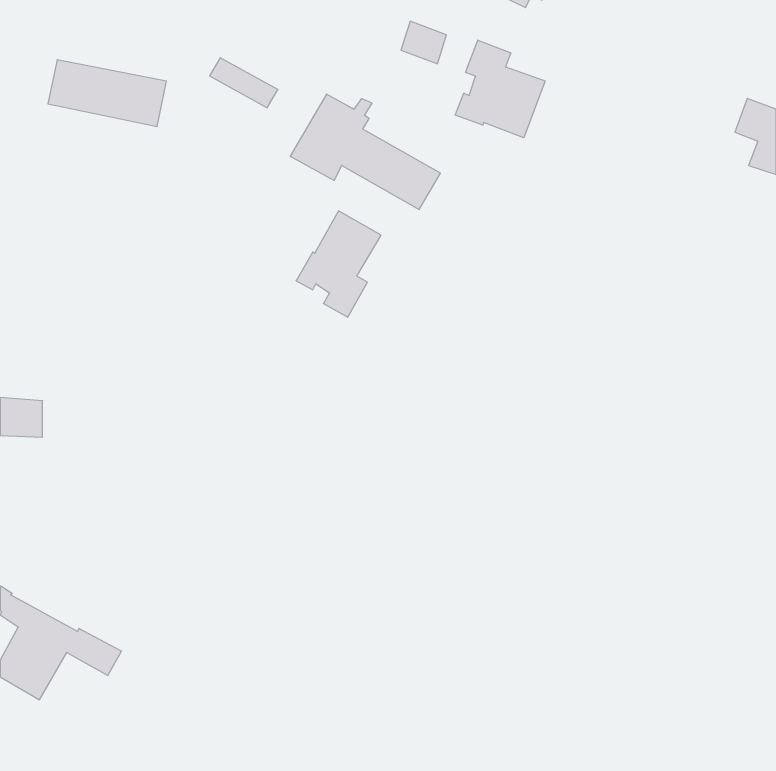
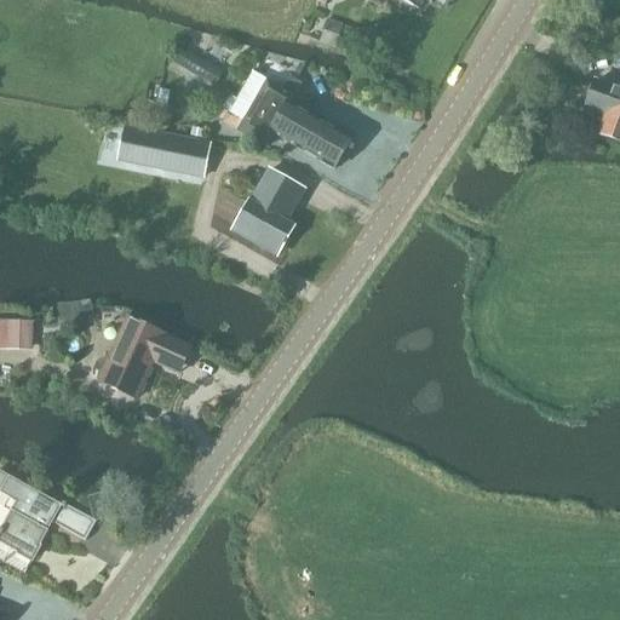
building: [455,40,545,138] -> none
building: [48,60,166,127] -> [117,122,212,176]
building: none -> [93,316,190,396]

